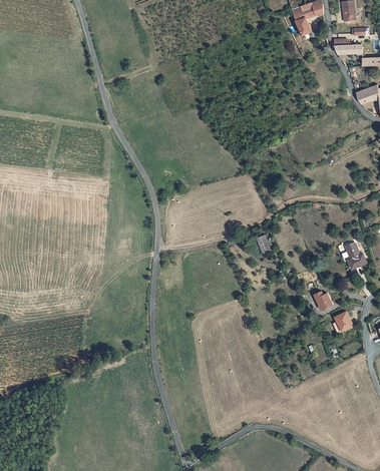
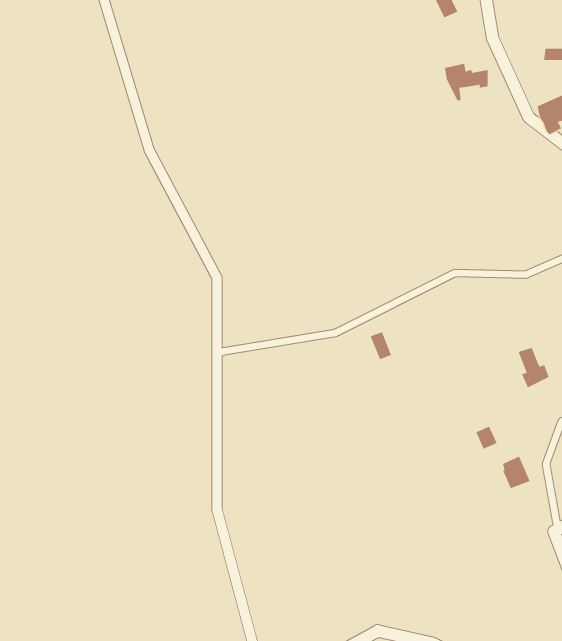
building: [334,36,362,60] -> [444,63,488,101]

